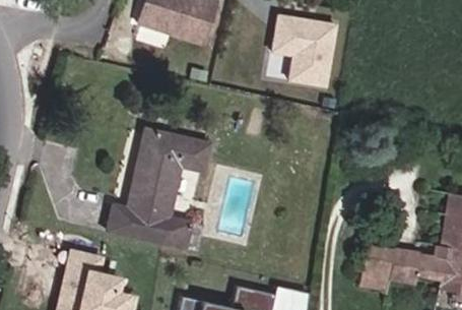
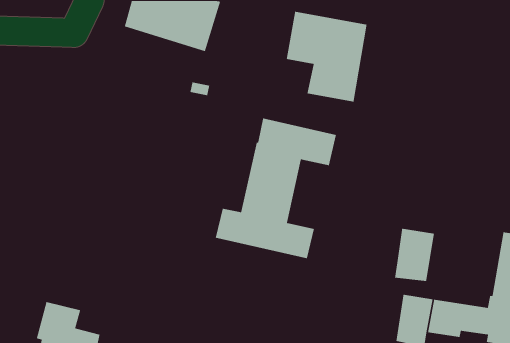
building: [107,129,208,247] -> [215,118,337,259]
building: none -> [394,228,435,282]

